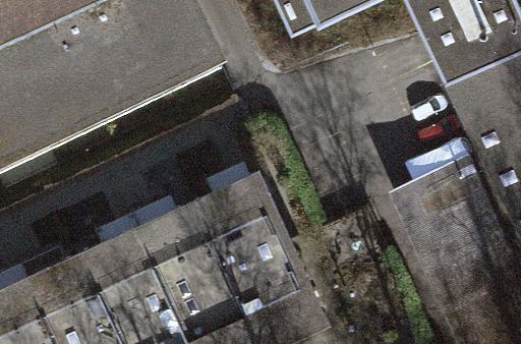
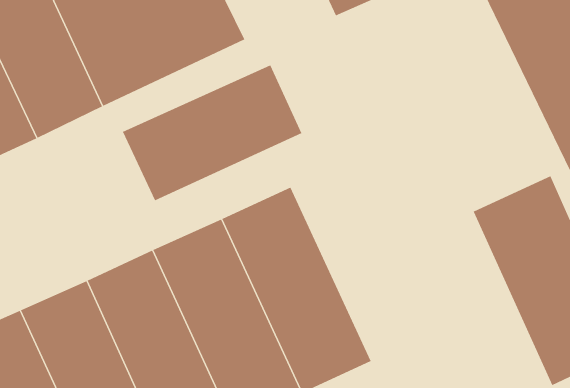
building: none -> [122,64,302,201]

